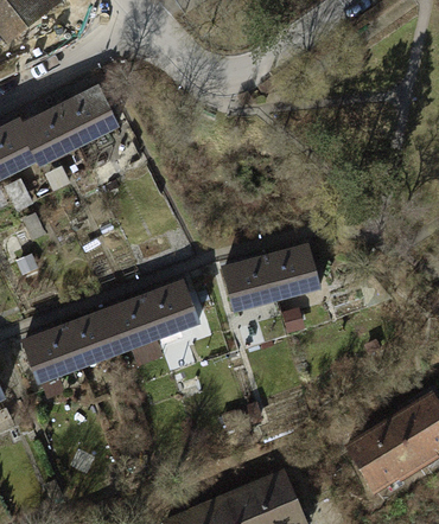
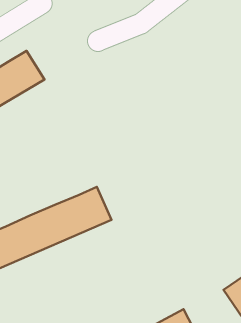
building: [220,243,325,319] -> none

